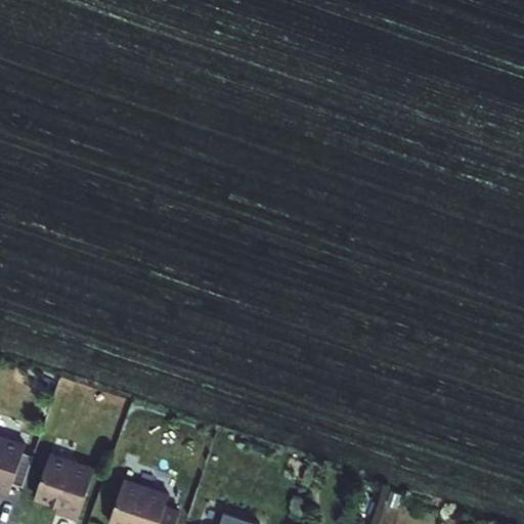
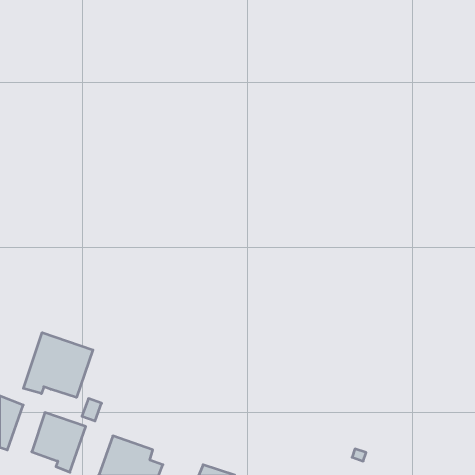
building: none -> [23,333,93,397]

